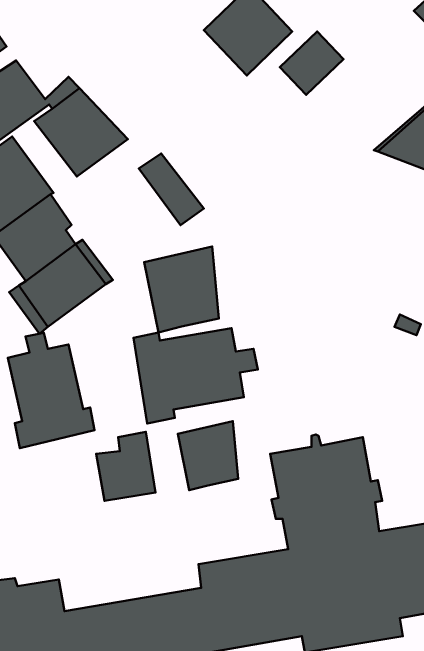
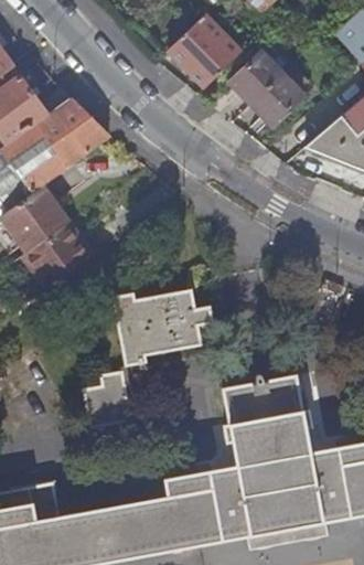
building: none -> [250,75,301,126]
building: [139,153,204,225] -> [15,125,67,182]
building: [144,247,219,332] -> none
building: [8,333,94,448] -> none
building: [178,421,238,490] -> none

